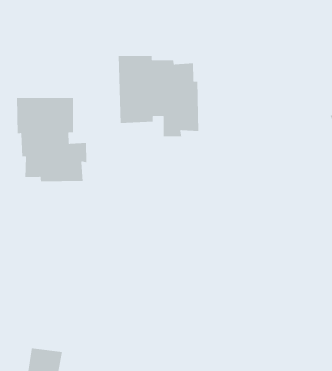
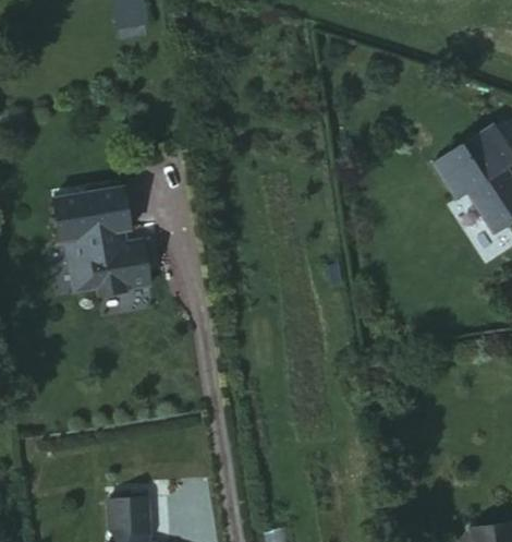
building: [118,55,199,137] -> none

